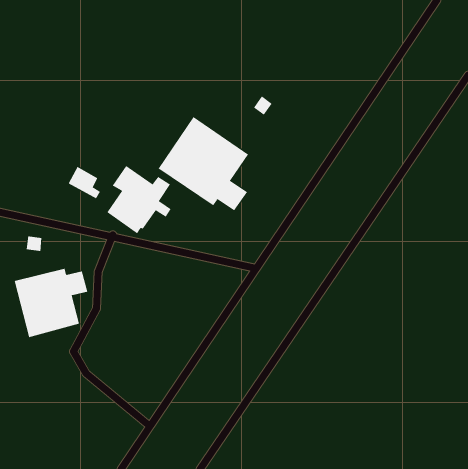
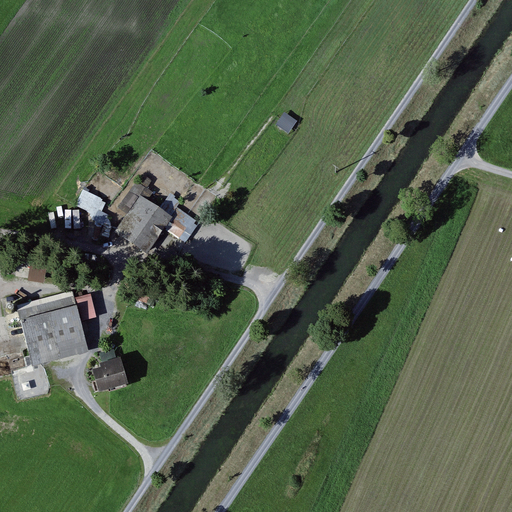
building: [158,116,249,211] -> none
building: none -> [96,359,128,392]

